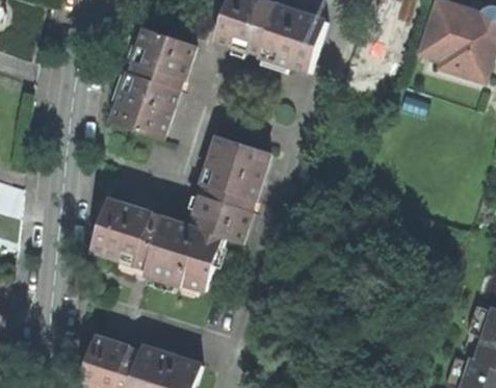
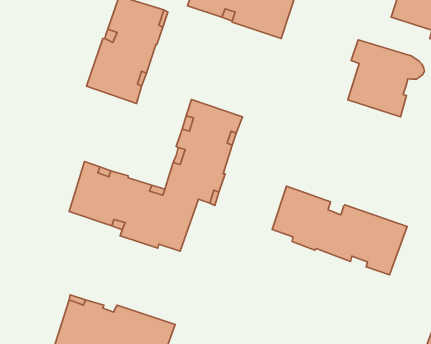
building: none -> [348,40,424,117]
building: none -> [272,186,407,275]

